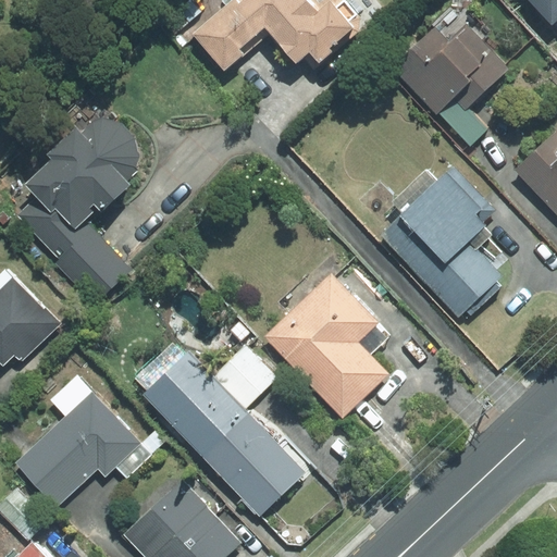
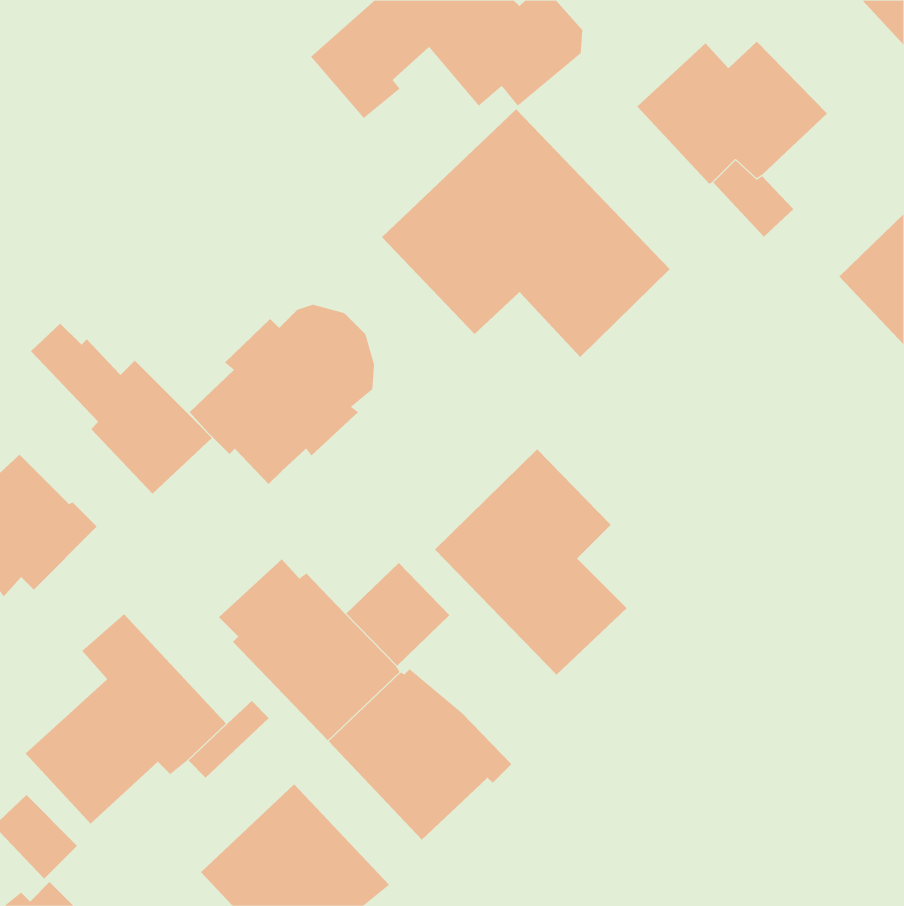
building: none -> [381,109,671,358]
building: [25,119,139,230] -> [189,304,375,485]
building: [379,163,502,317] -> none

